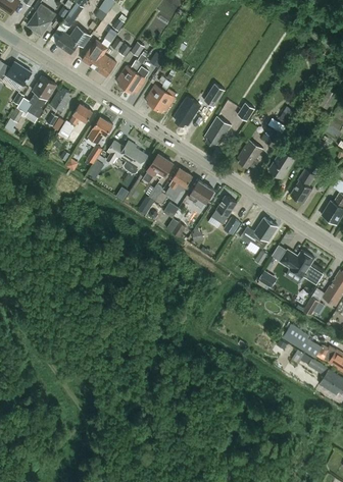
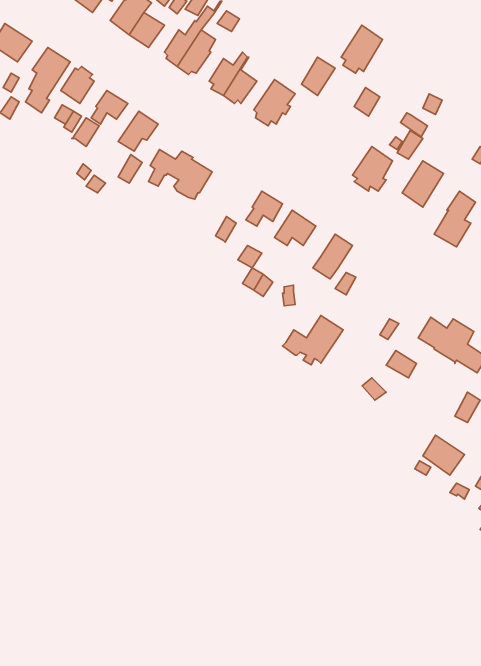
building: [204,116,231,147] -> [341,25,383,73]
building: [142,154,173,182] -> none
building: [239,218,278,250] -> [283,315,343,365]

